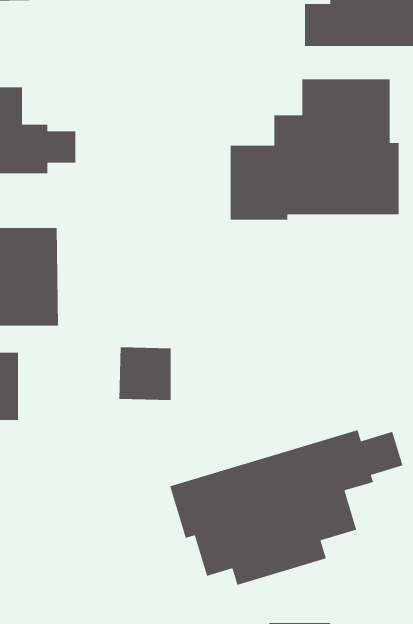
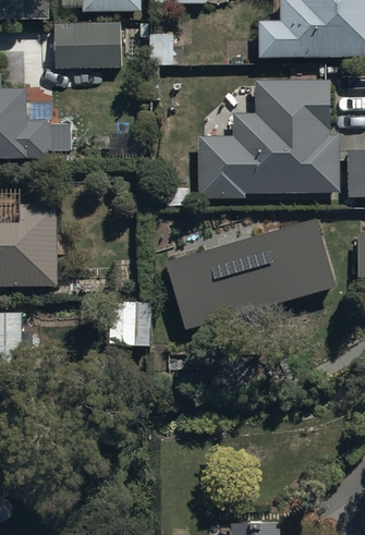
building: none -> [52,22,120,69]
building: none -> [165,220,337,333]
building: [169,429,403,586] -> none

